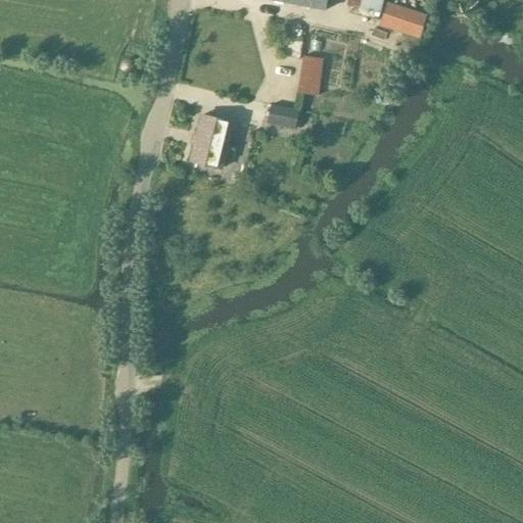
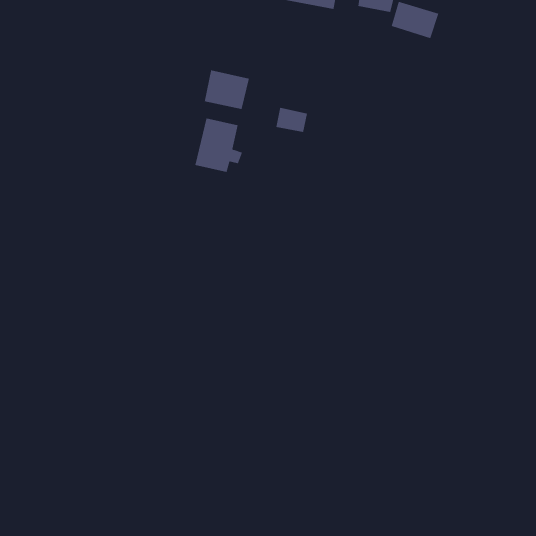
building: [296,55,323,96] -> none
building: none -> [204,69,249,110]

